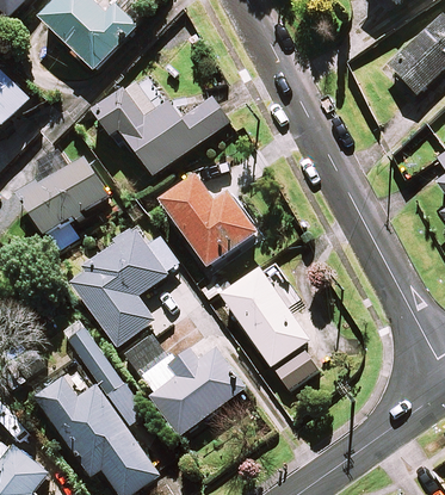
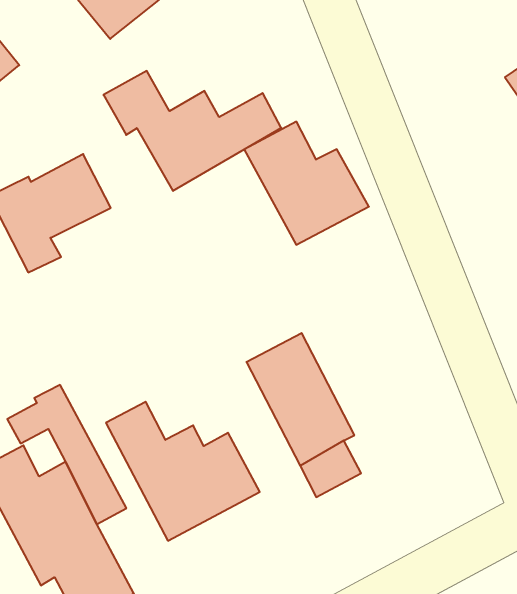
building: [161,177,258,267] -> [244,122,369,245]
building: [70,227,179,345] -> none

